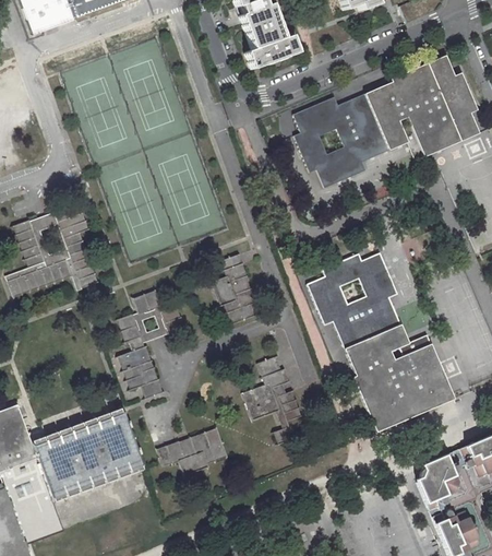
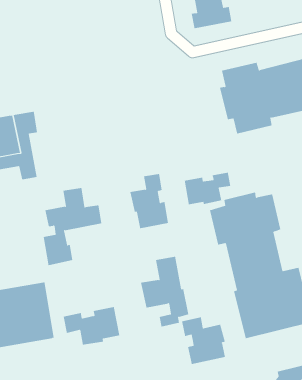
building: none -> [184,172,231,205]
building: none -> [182,316,226,365]

